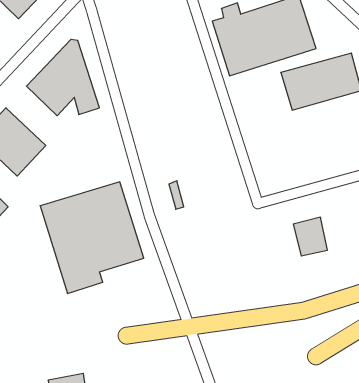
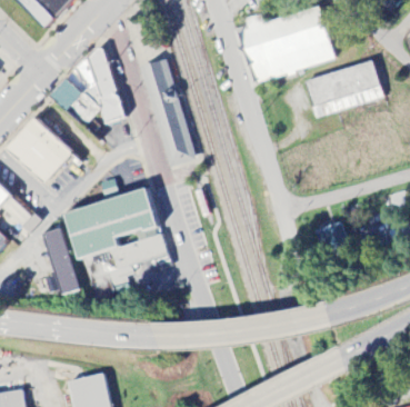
building: none -> [141,54,196,166]
building: none -> [49,227,82,294]

